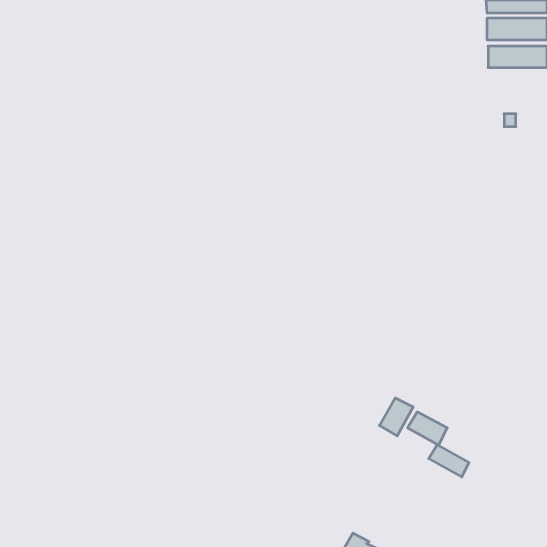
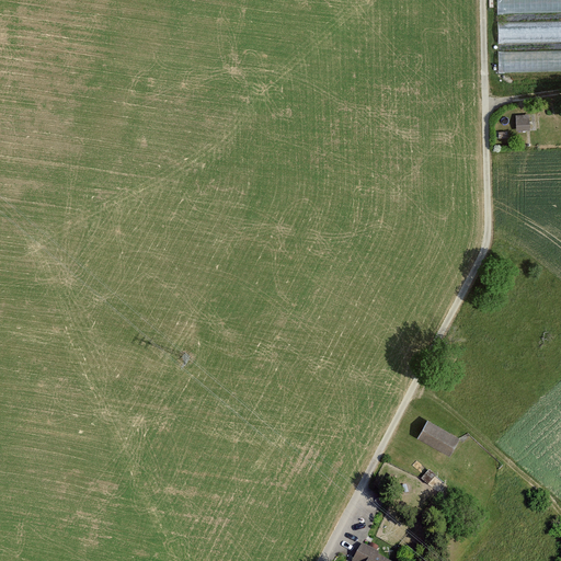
building: [379,398,413,436] -> none
building: [429,445,469,477] -> none

